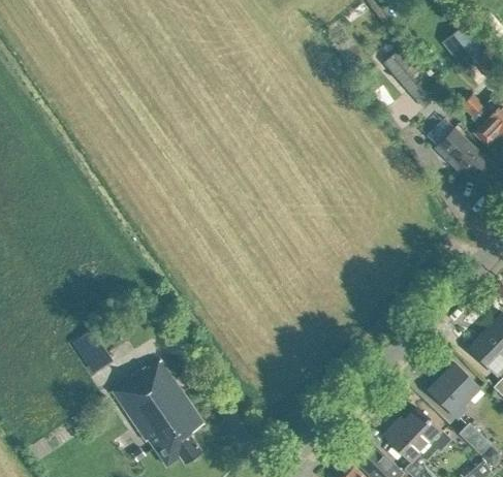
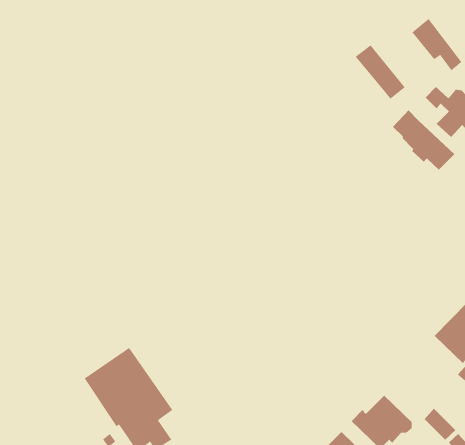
building: [429,363,479,418] -> none

